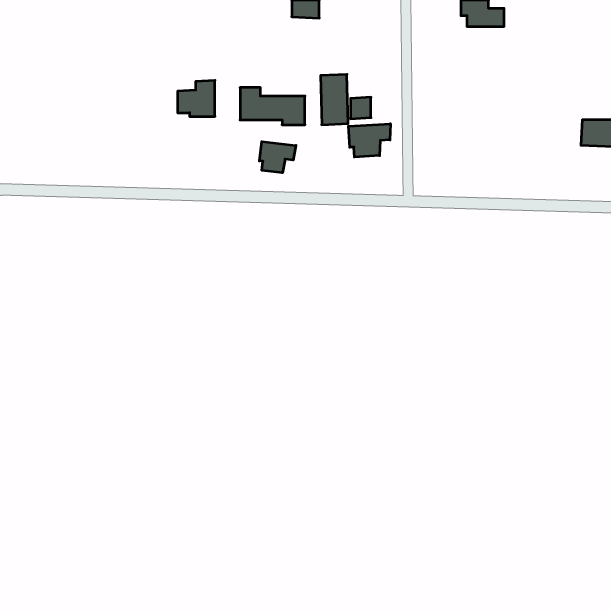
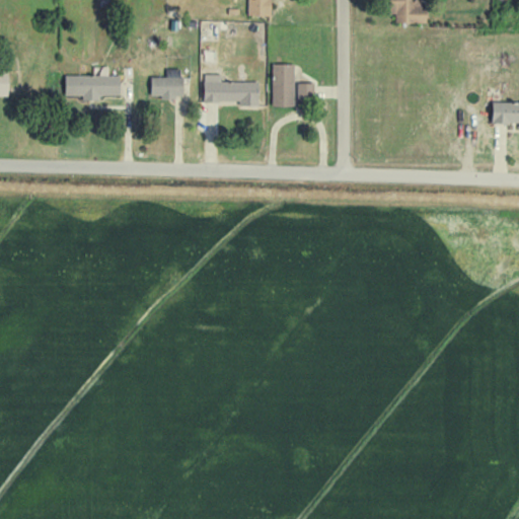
building: none -> [66,67,121,101]
building: [348,124,390,157] -> none
building: [259,142,296,173] -> none

